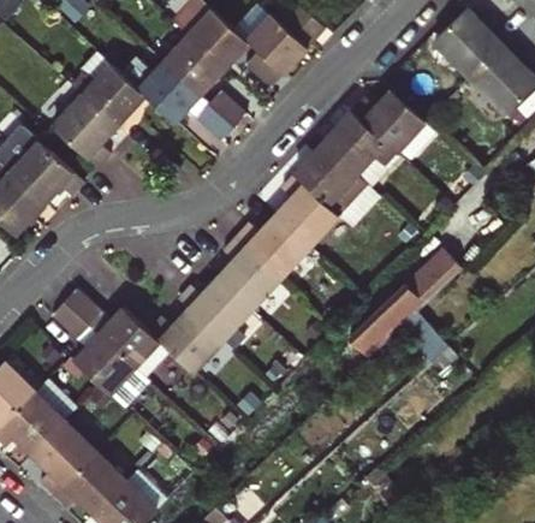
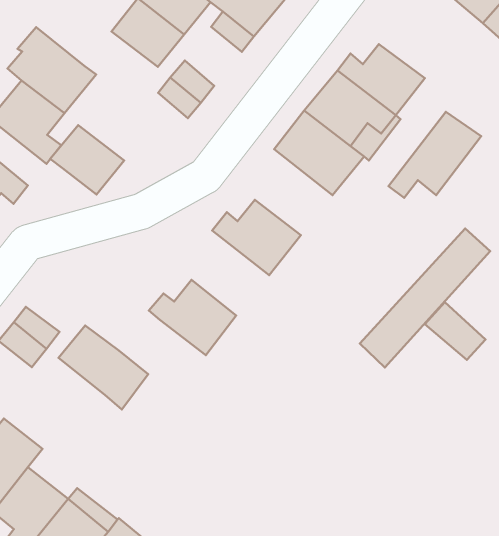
building: [137,64,198,123] -> [50,125,124,194]
building: none -> [389,112,481,198]
building: [271,172,335,245] -> none
building: [213,236,278,308] -> none
building: [148,307,220,370] -> none
building: [73,332,133,392] -> none

